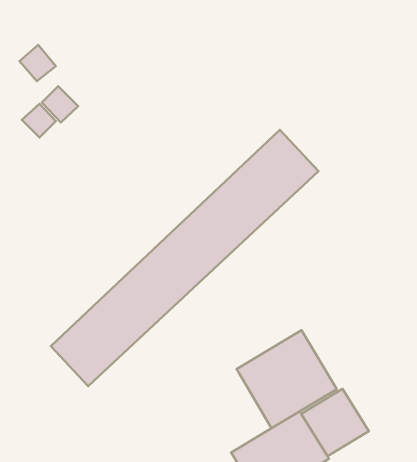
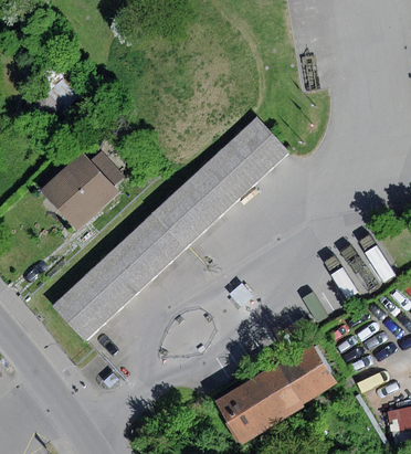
building: none -> [39,151,117,230]
building: [236,330,337,428] -> none

